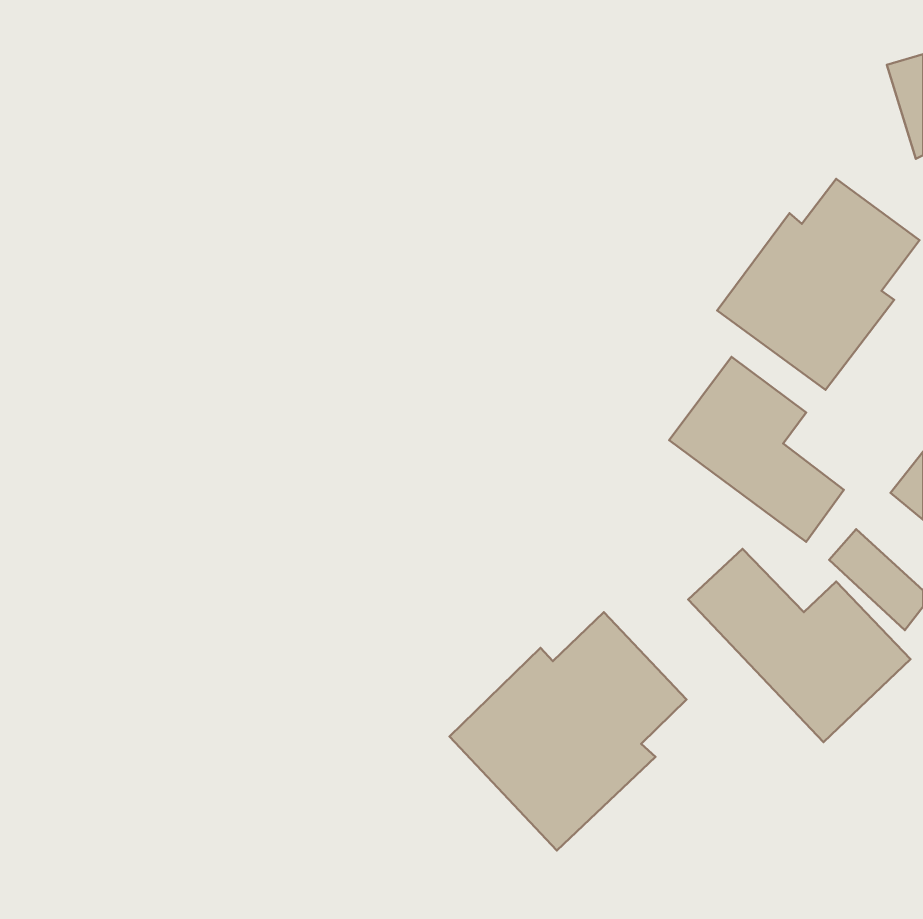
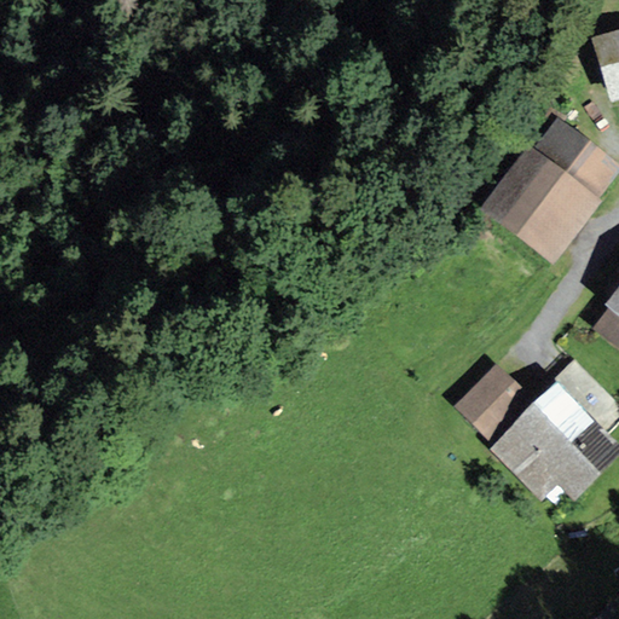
building: [669,357,844,542] -> none
building: [449,612,687,851] -> none

